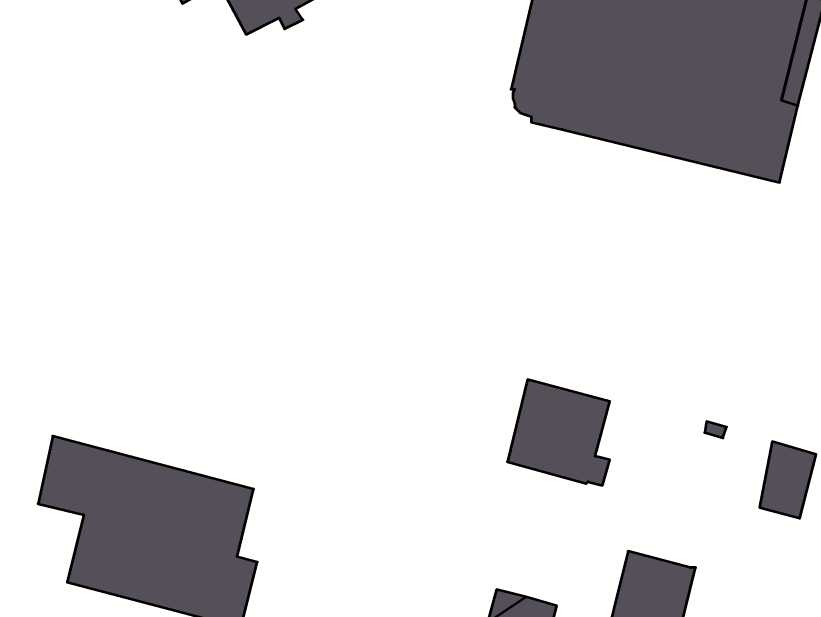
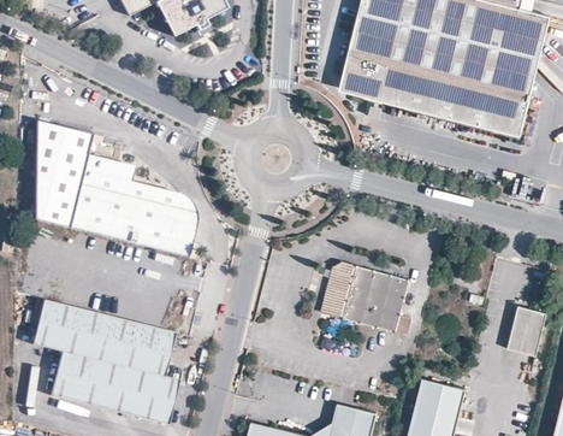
building: none -> [35,123,195,257]
building: none -> [321,259,355,317]

